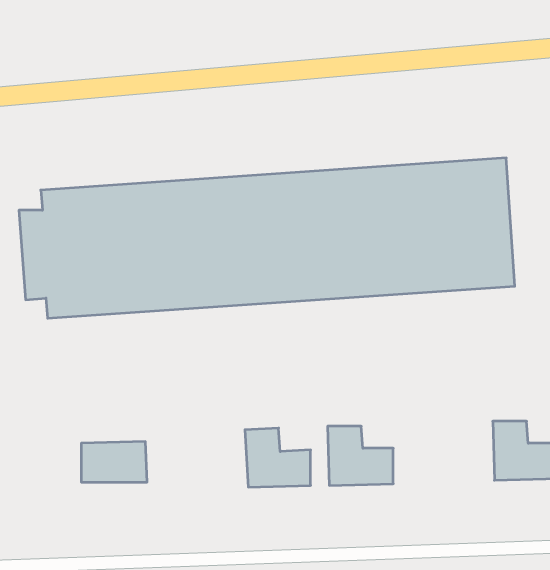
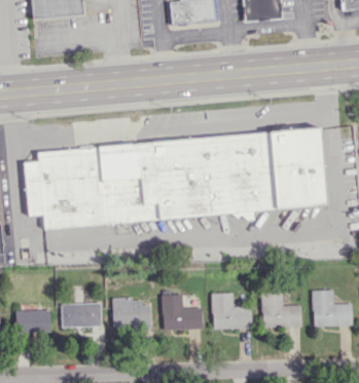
building: none -> [261,291,301,327]
building: none -> [112,298,151,328]
building: none -> [16,310,50,332]

